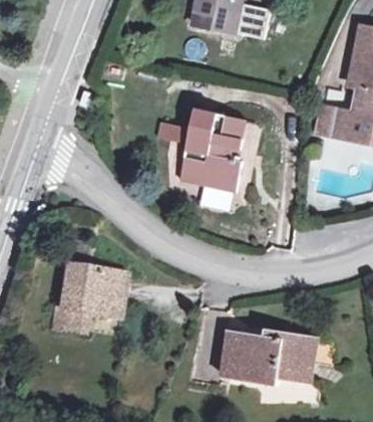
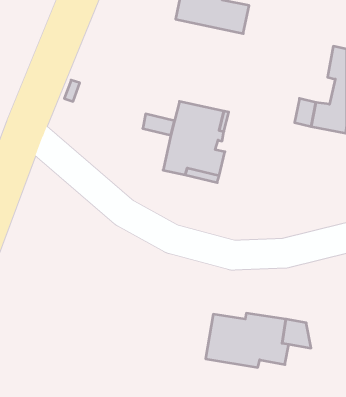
building: [54,267,127,331] -> none

